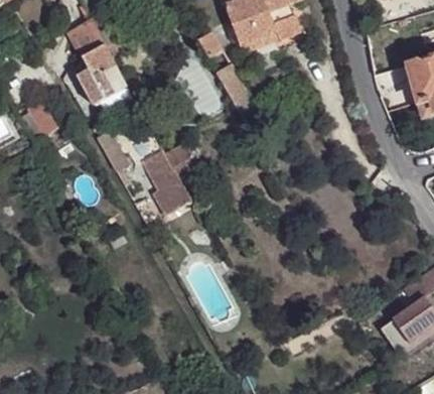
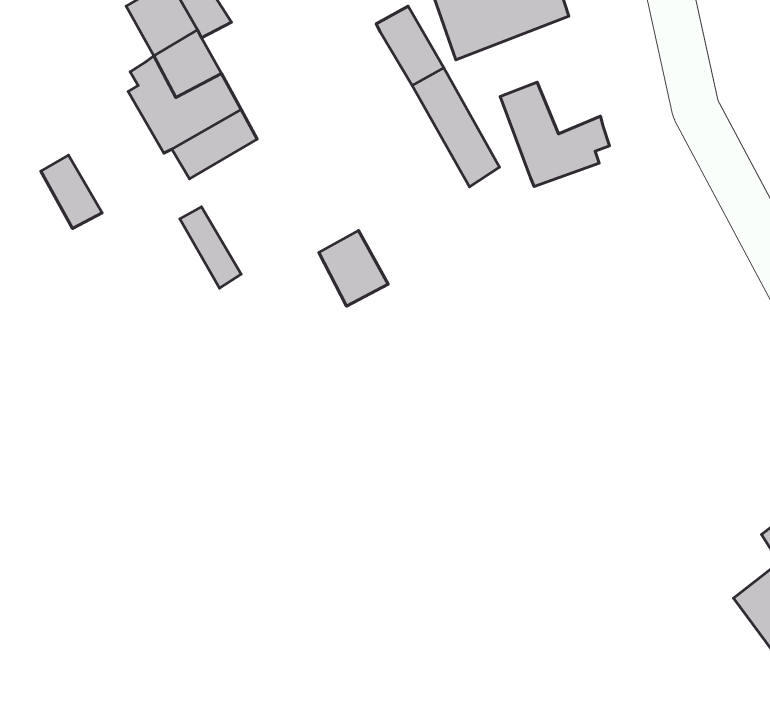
building: none -> [500,82,610,187]
building: [146,147,197,226] -> none

